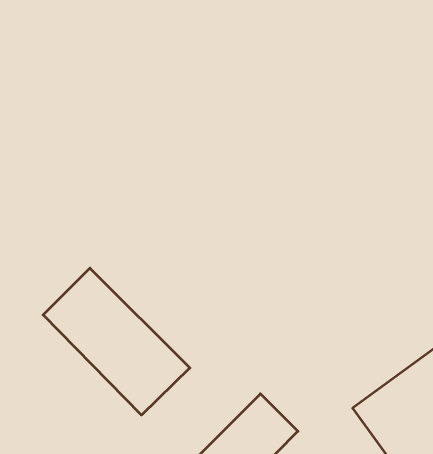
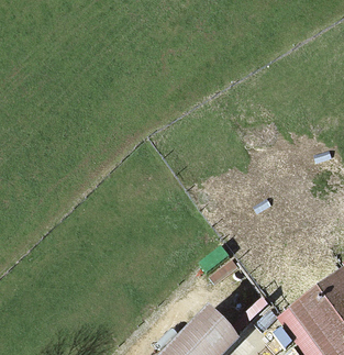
building: [43,268,190,415] -> none

